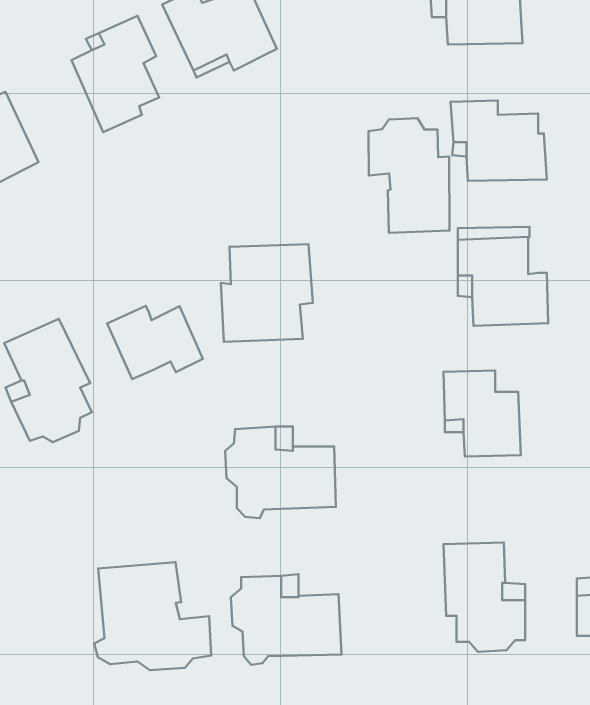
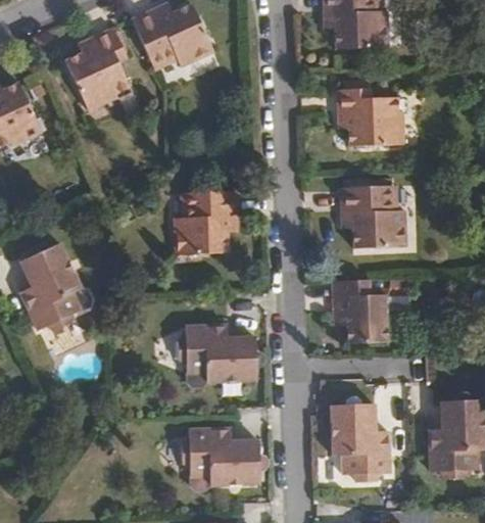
building: [368,118,450,233] -> none
building: [107,306,203,379] -> none
building: [94,562,211,670] -> none

